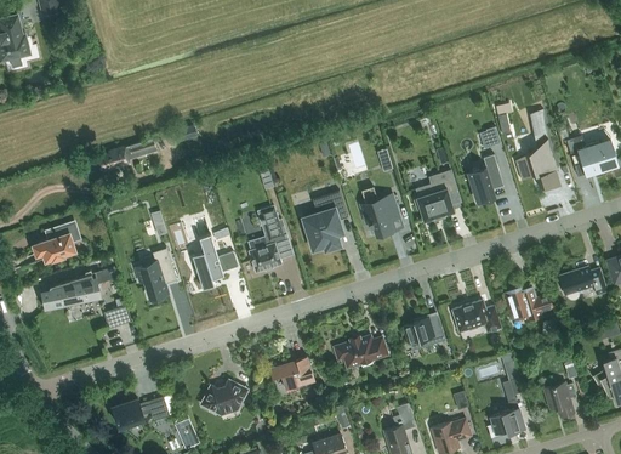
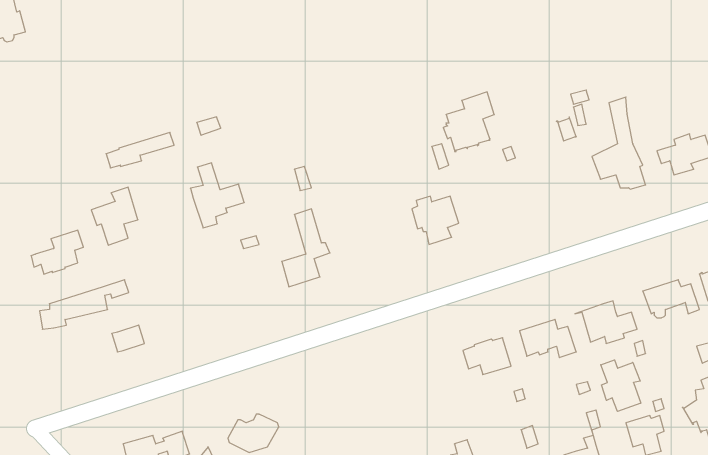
building: [468,154,503,203] -> none
building: [414,170,457,221] -> [443,92,494,151]
building: [303,191,348,249] -> none
building: [192,232,238,288] -> [190,163,244,228]
building: [136,249,176,299] -> [91,187,138,245]
building: none -> [601,360,641,411]
building: [335,335,387,368] -> none
building: [279,342,314,390] -> none

